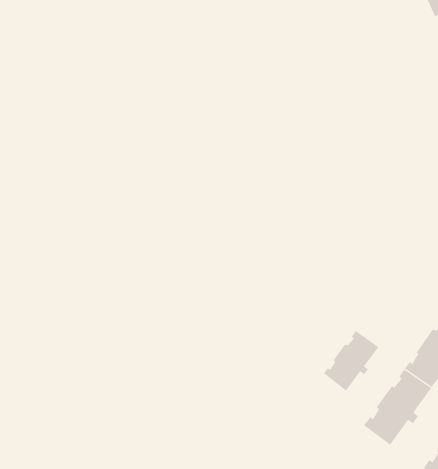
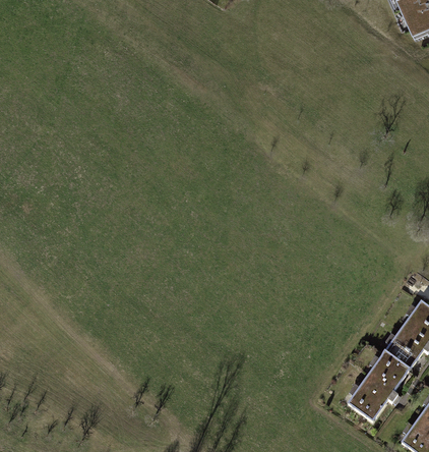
building: [323,330,379,392] -> none

